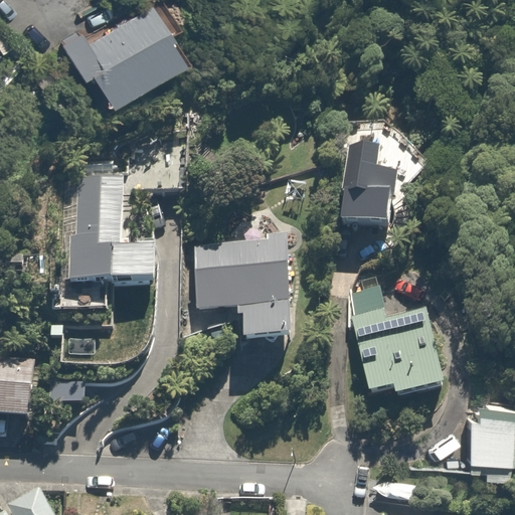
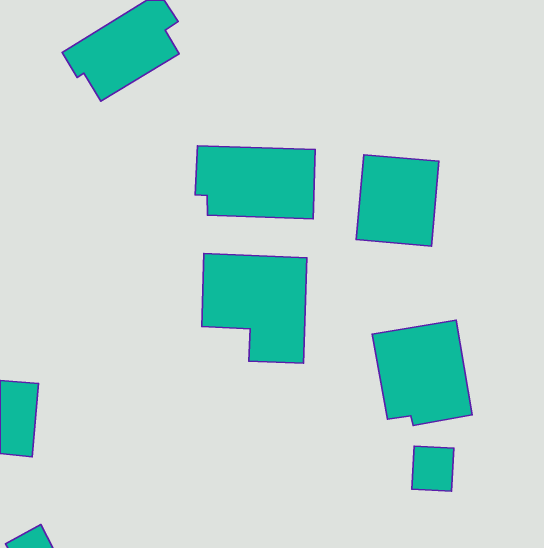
building: none -> [195,146,315,219]
building: [67,173,158,286] -> none
building: [463,414,502,457] -> [412,446,454,491]

